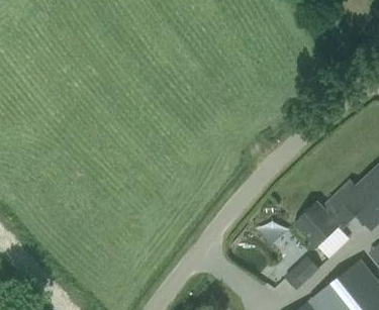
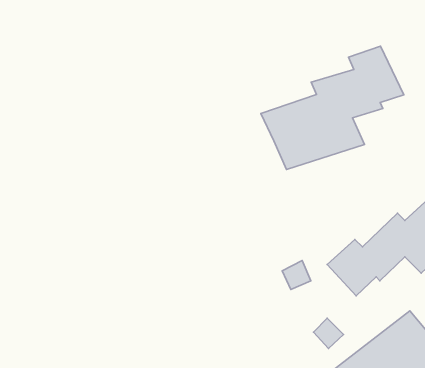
building: none -> [261,46,404,169]

